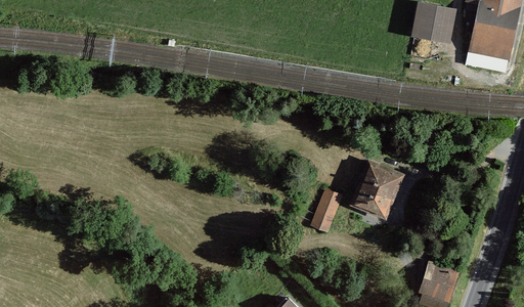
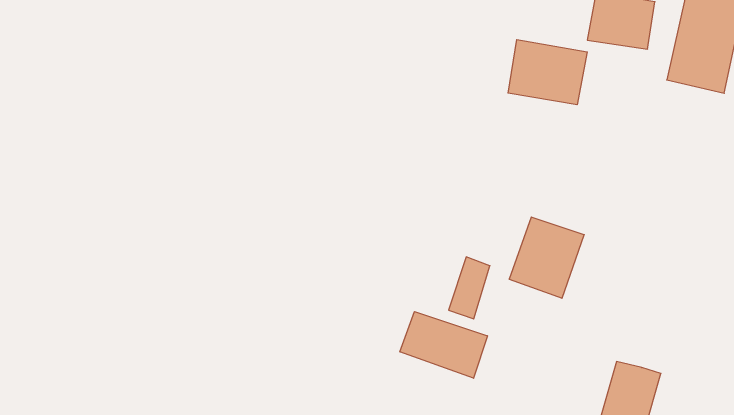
building: none -> [508,40,587,105]
building: none -> [400,312,487,378]

